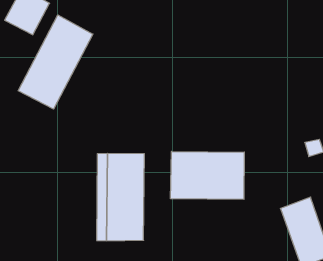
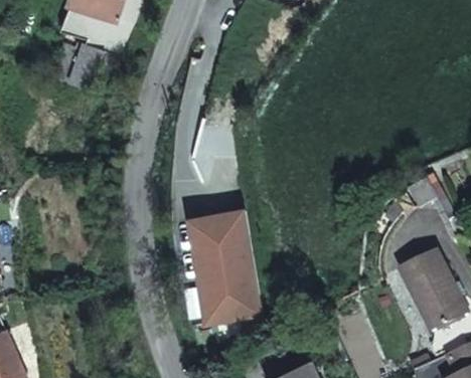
building: [18,15,93,109] -> none
building: [171,151,244,199] -> none

